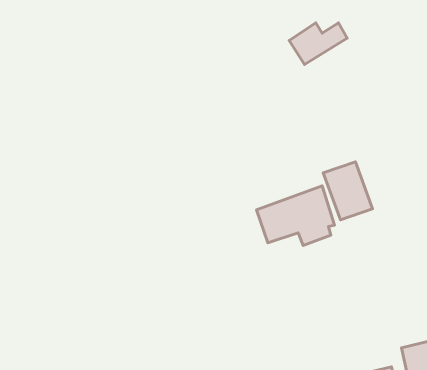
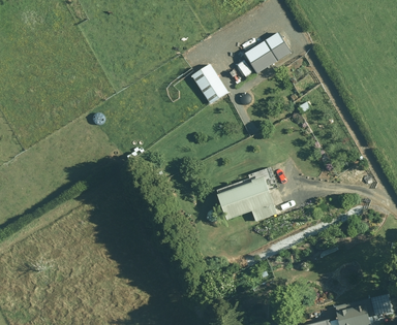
building: none -> [191,63,228,103]
building: [323,162,372,220] -> none

